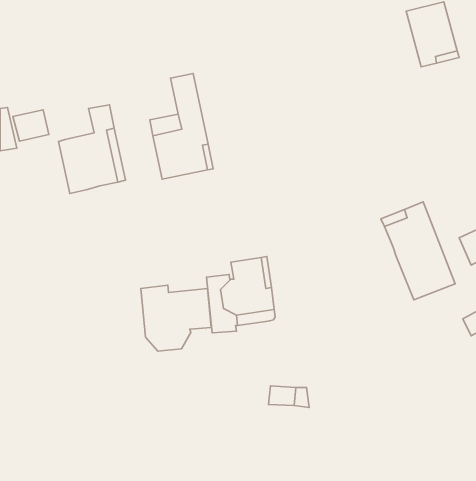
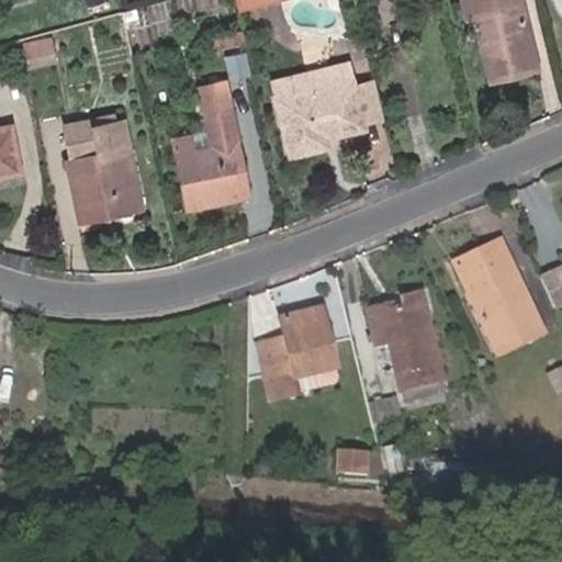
building: none -> [282,68,370,156]
building: [13,110,49,141] -> [75,126,116,162]
building: none -> [362,292,432,387]
building: [141,285,211,351] -> none

